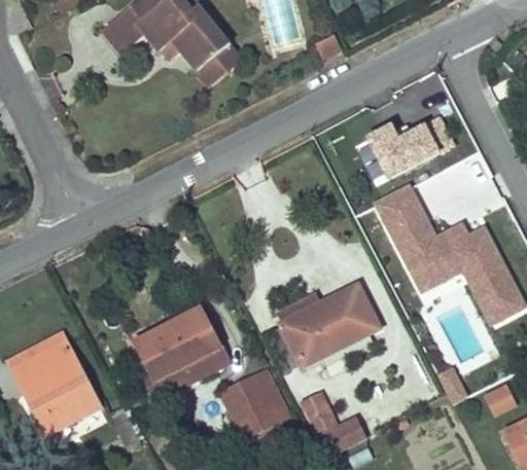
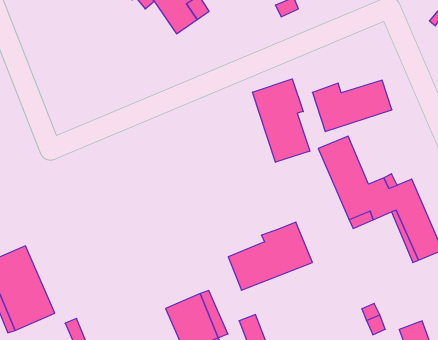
building: none -> [253,79,310,162]
building: [277,291,324,329] -> none
building: [135,309,229,401] -> none

